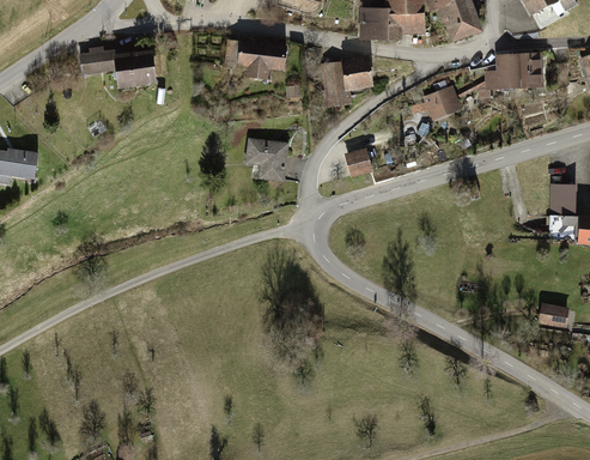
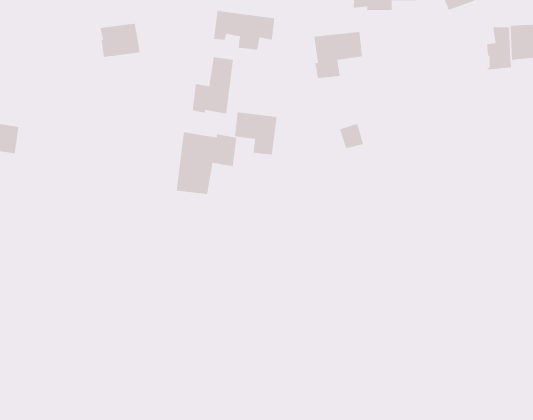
building: [79,50,117,72] -> none
building: none -> [192,57,234,114]
building: [424,87,457,116] -> none
building: none -> [176,131,237,195]

